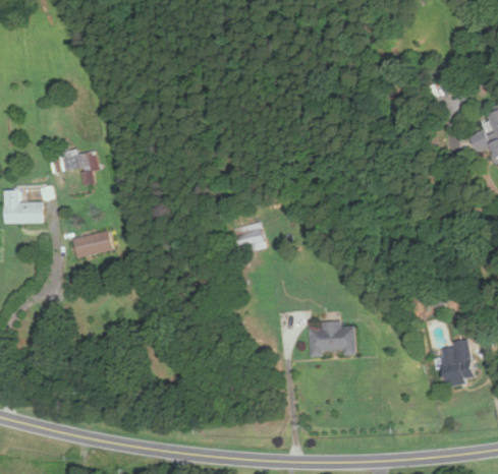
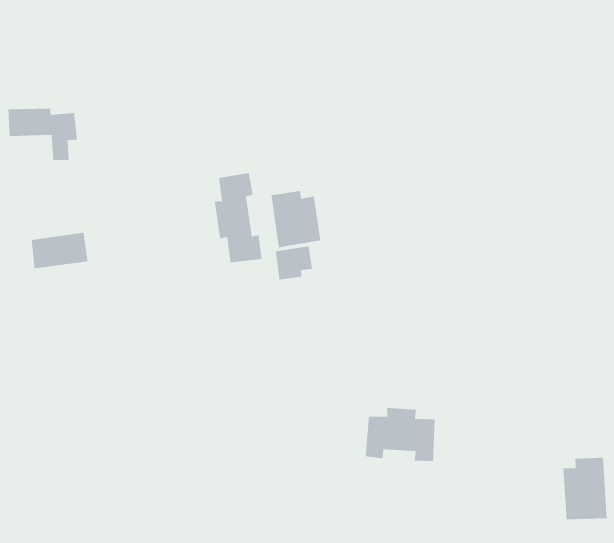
building: none -> [214,172,263,263]
building: none -> [270,190,321,248]

